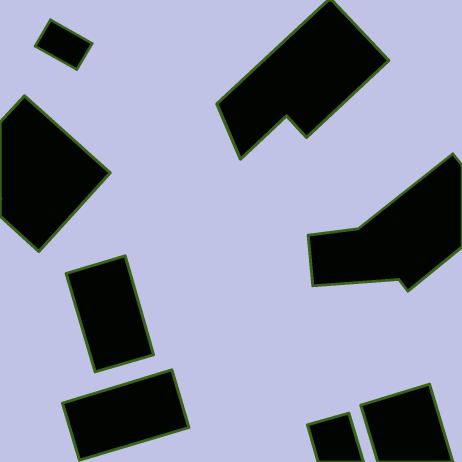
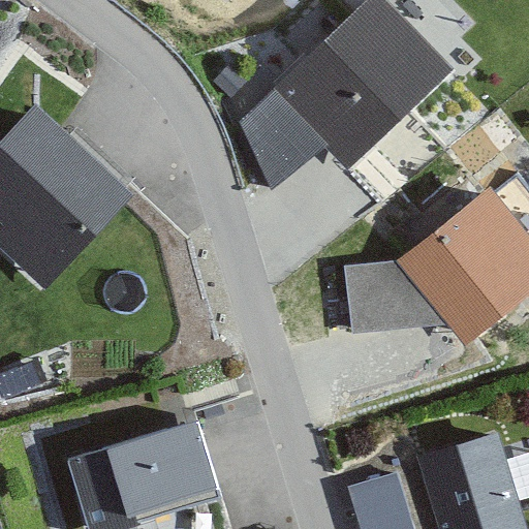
building: [66,256,154,372] -> none

